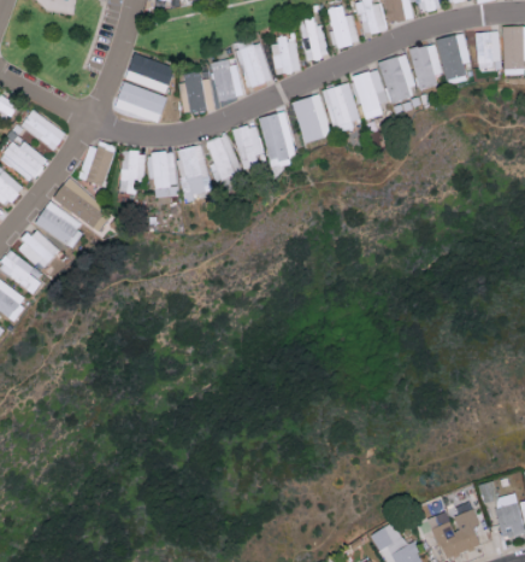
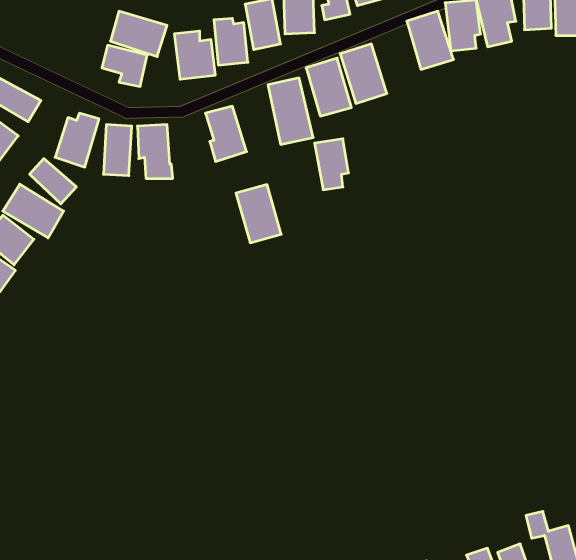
building: [350,70,387,122] -> none
building: [234,125,262,169] -> [315,139,349,190]
building: [173,145,212,194] -> [236,185,281,243]

